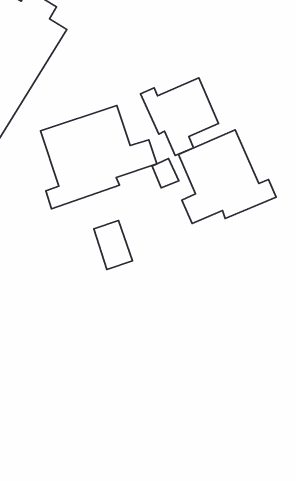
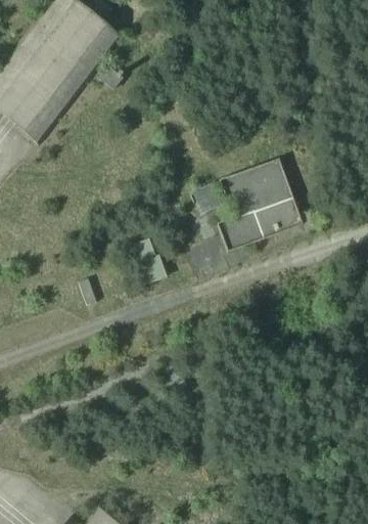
building: [140,78,219,156] -> none
building: [40,106,157,209] -> none

